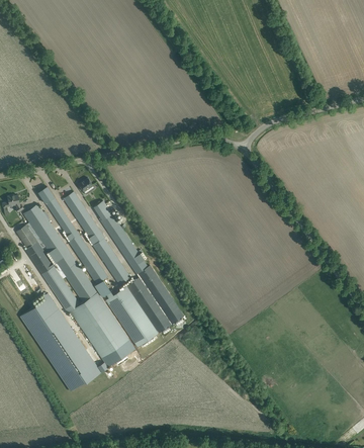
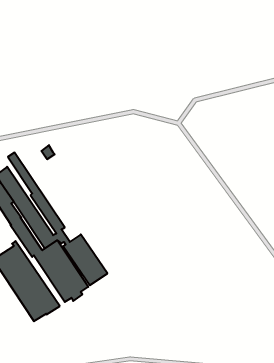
building: [63,191,130,284] -> none
building: [94,200,184,333] -> none

